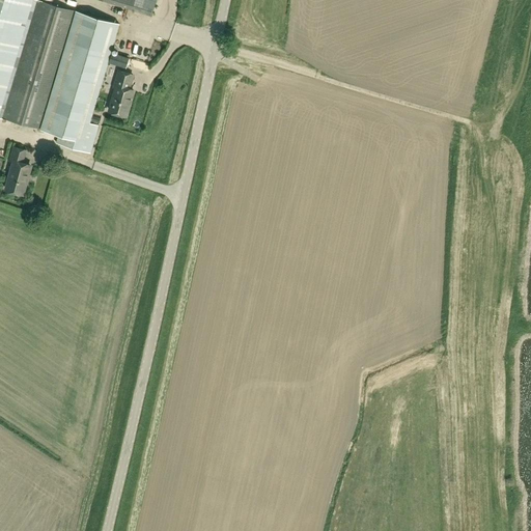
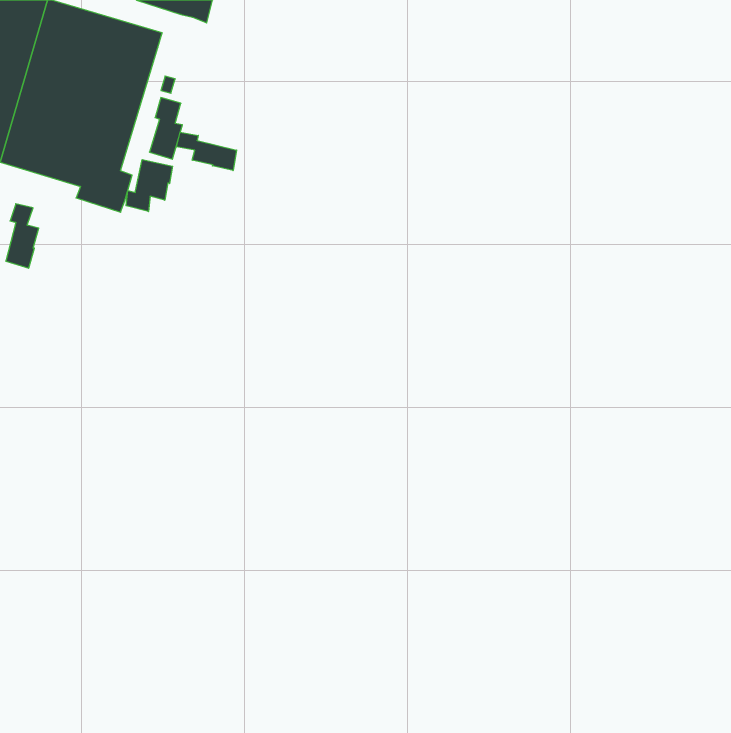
building: none -> [177,132,237,171]
building: none -> [126,160,173,212]

